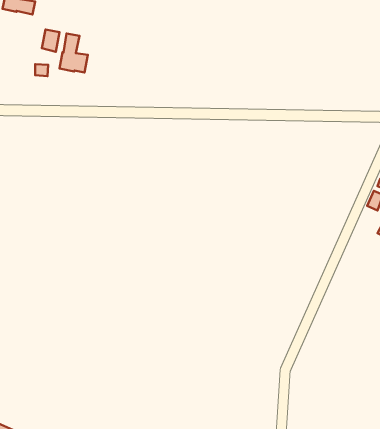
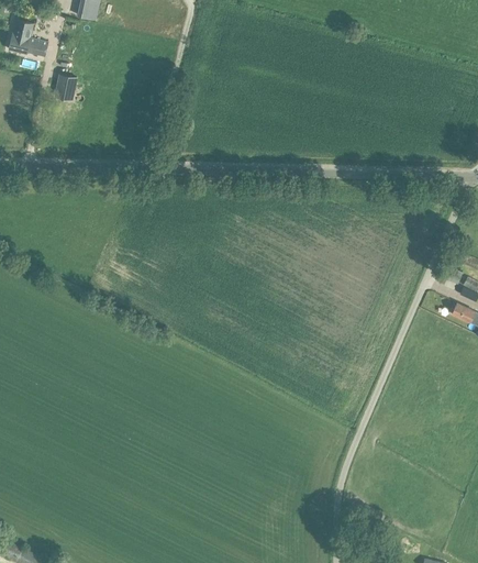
building: [59,34,88,72] -> none

